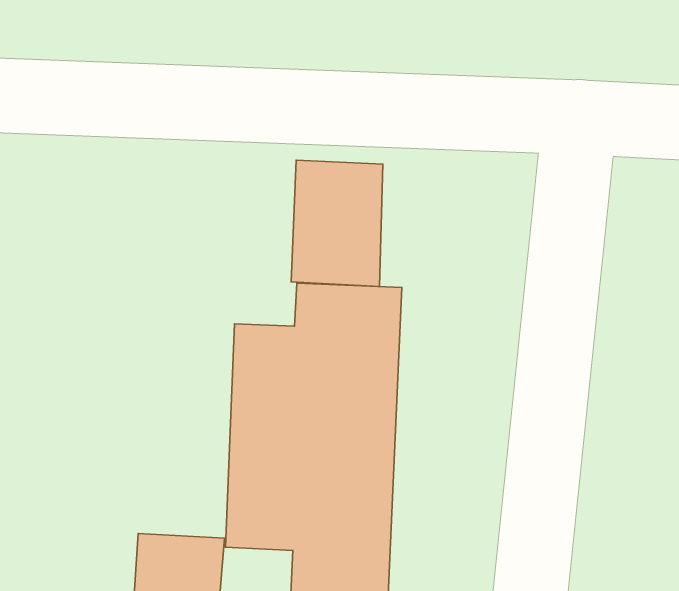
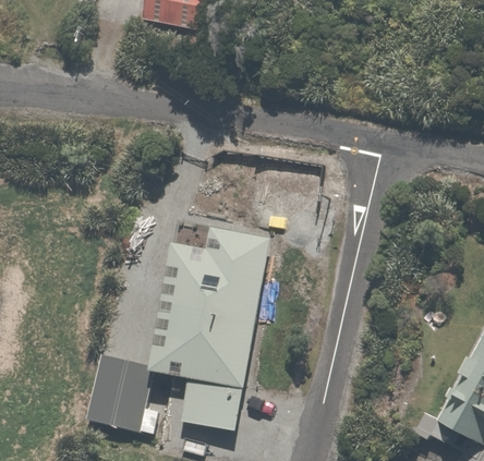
building: [291,160,383,286] -> none

